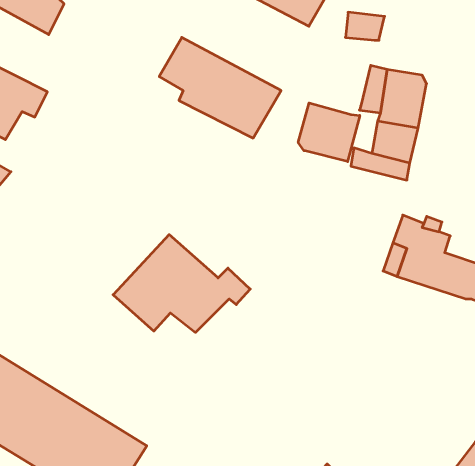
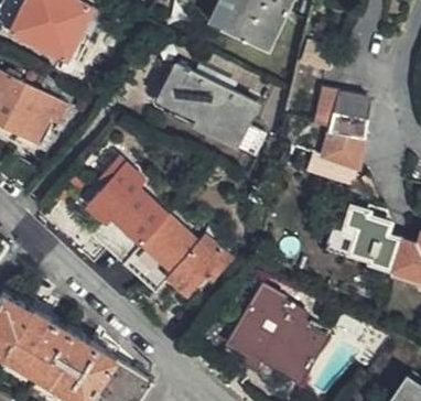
building: [298,103,360,162] -> none
building: none -> [87,160,166,265]
building: none -> [227,286,327,382]

